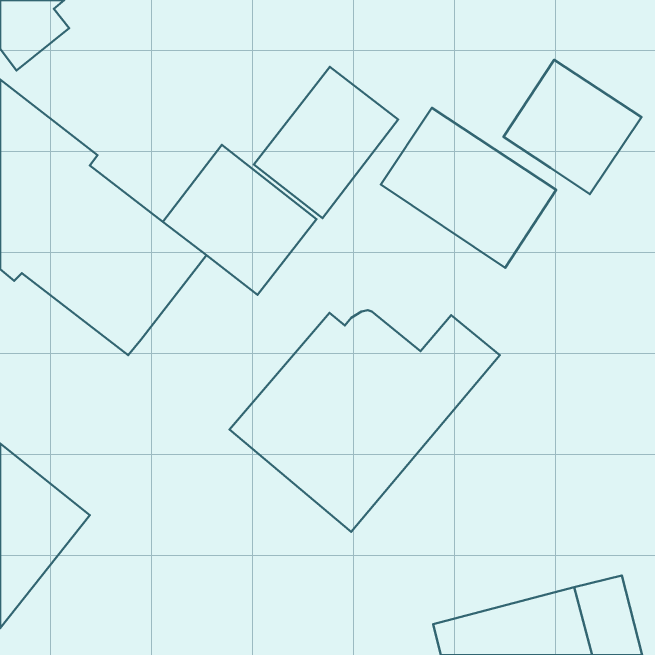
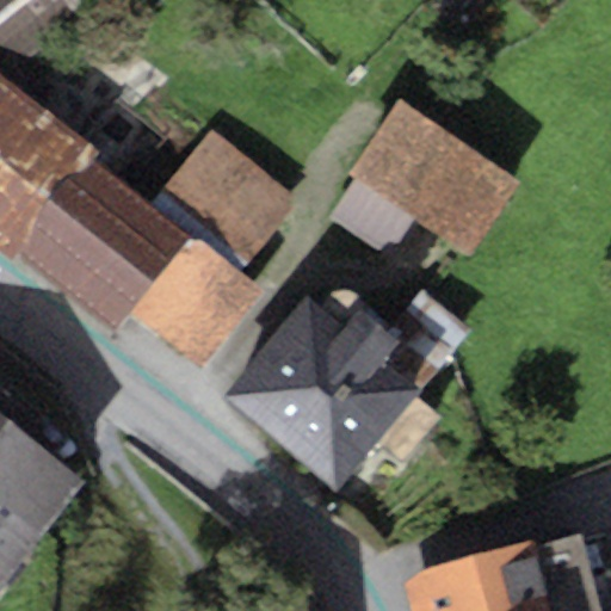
building: [504,60,642,194] -> none
building: [254,67,398,218] -> none
building: none -> [131,237,263,370]

